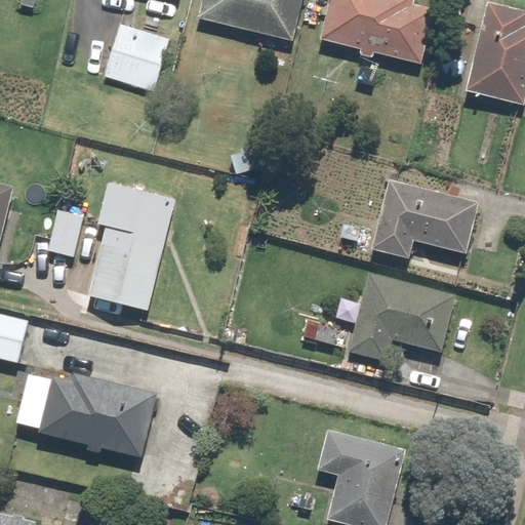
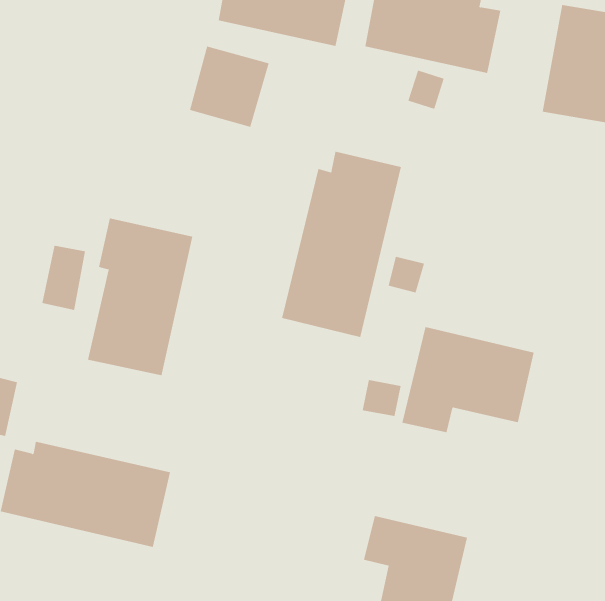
building: [104,22,170,89] -> [189,46,269,127]
building: none -> [281,151,402,338]
building: [368,180,477,261] -> none

